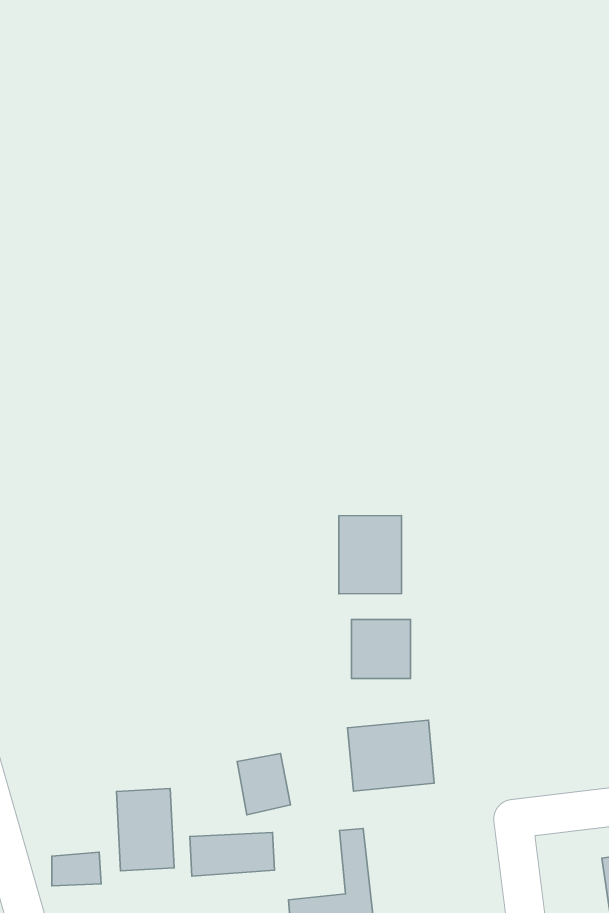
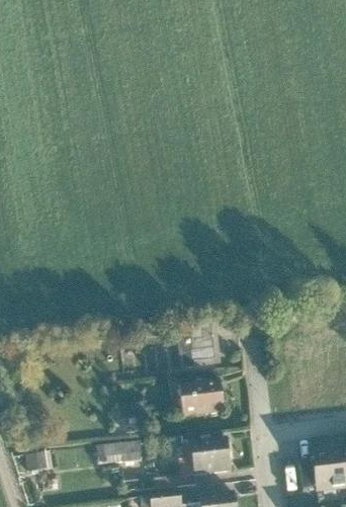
building: [339,516,401,594] -> none
building: [117,789,174,871] -> none
building: none -> [191,438,232,477]

